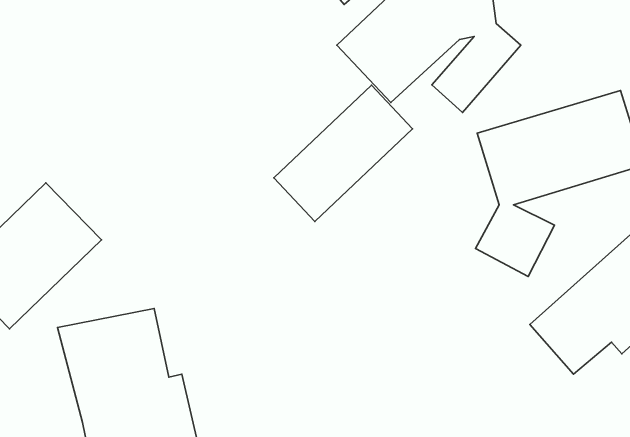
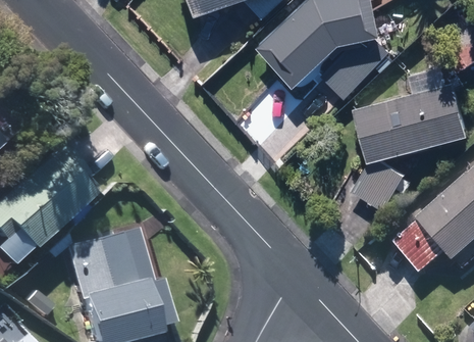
building: [274,85,413,221] -> none

